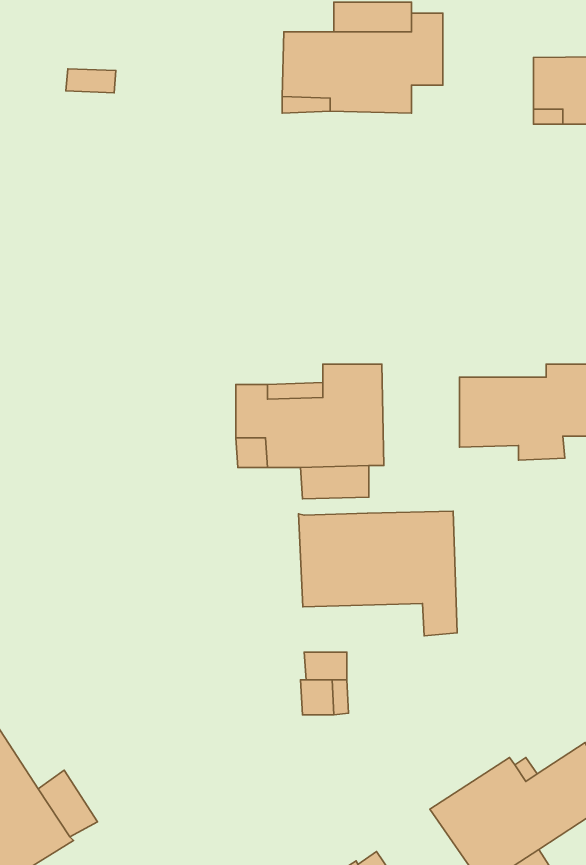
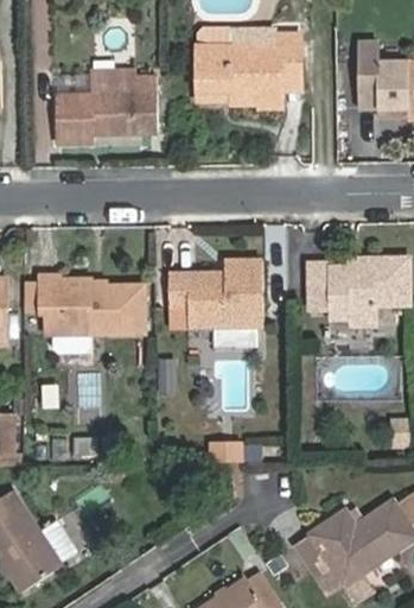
building: none -> [56,76,158,142]
building: none -> [40,278,145,334]
building: [298,511,457,636] -> none

